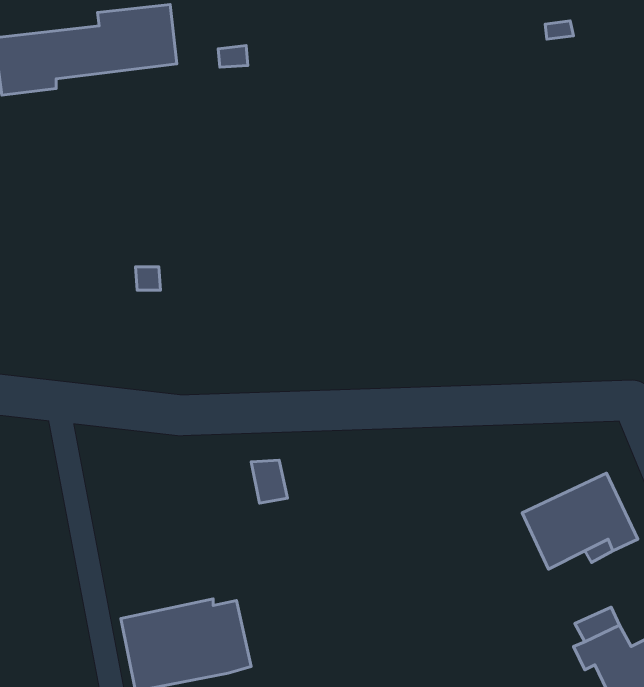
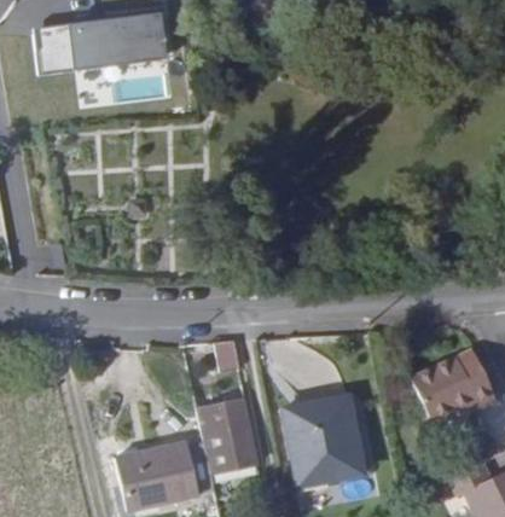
building: none -> [280,395,365,488]
building: none -> [196,399,259,472]

